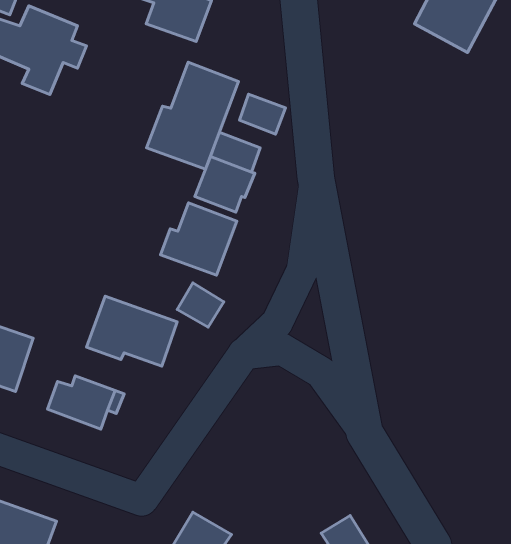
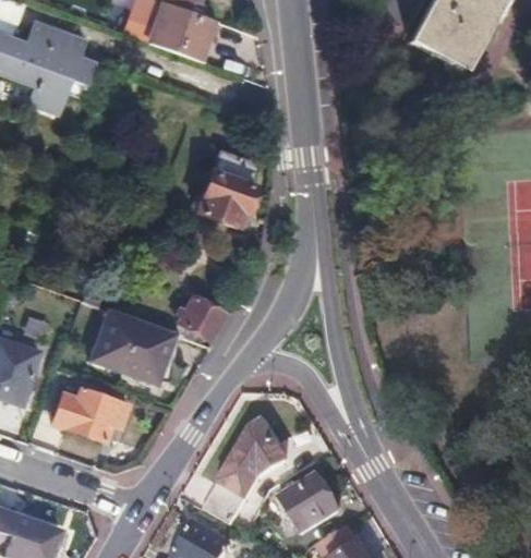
building: [147,62,239,169] -> none
building: [239,94,286,134] -> none
building: [160,203,237,275] -> none
building: none -> [217,420,290,510]
building: none -> [286,476,341,532]

